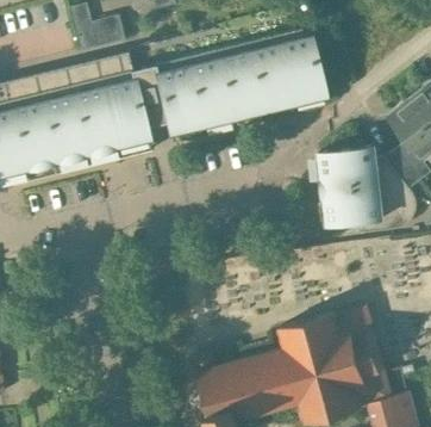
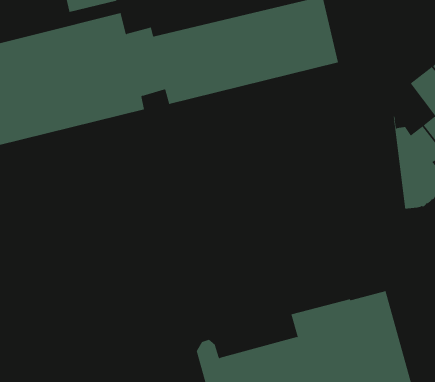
building: [318,147,383,234] -> none

